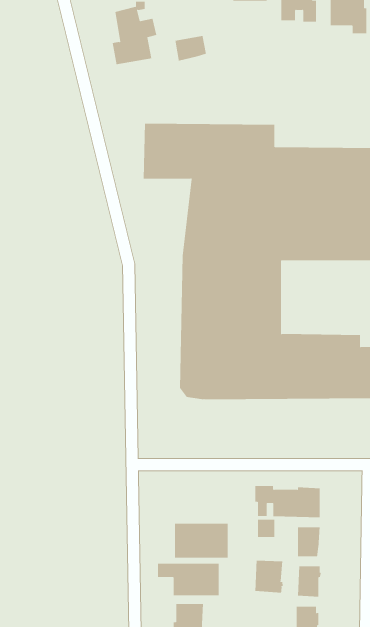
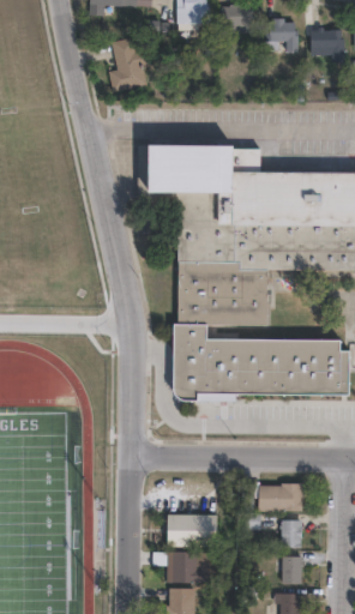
building: [175,35,206,62] -> none
building: [255,560,284,594] -> none

